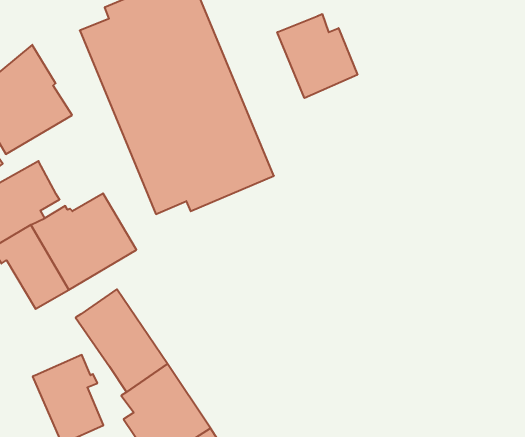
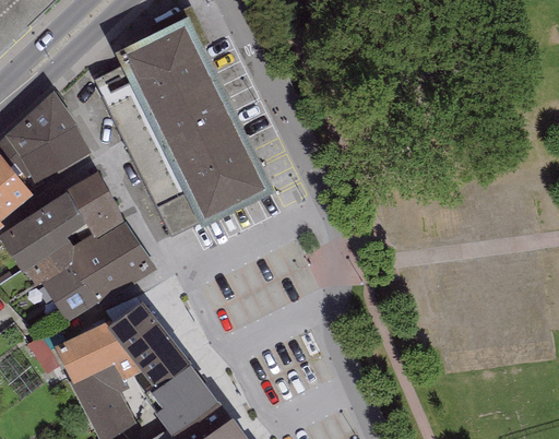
building: [277,14,357,98] -> none
building: none -> [63,169,123,235]
building: none -> [53,320,139,382]

